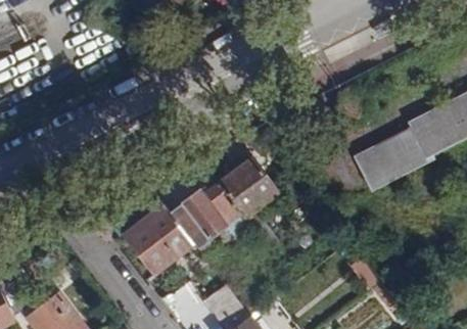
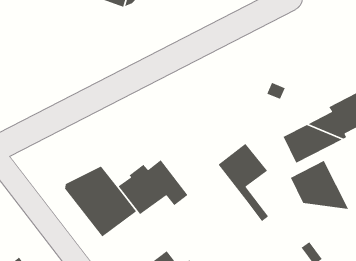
building: [220,158,278,248] -> [218,143,269,222]
building: none -> [290,160,350,210]

